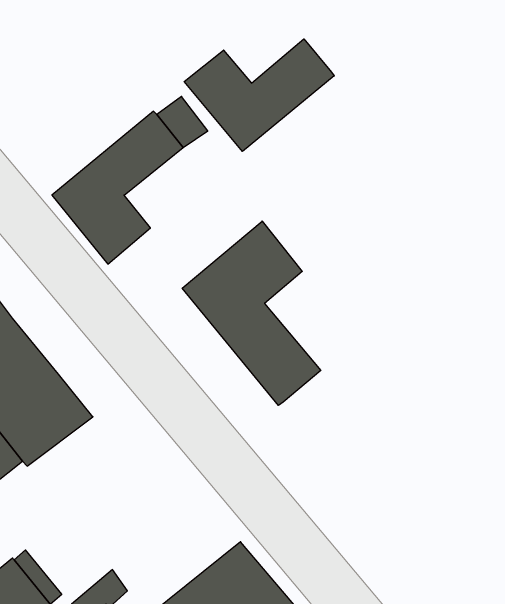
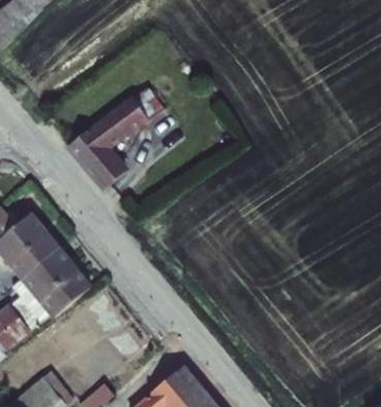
building: [184,39,334,151] -> none
building: [182,221,321,405] -> none

